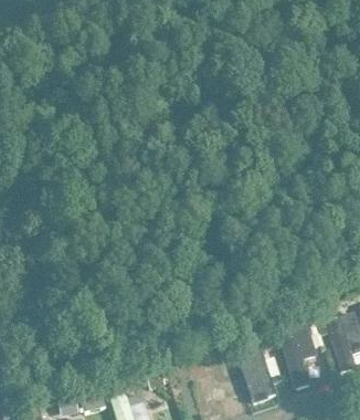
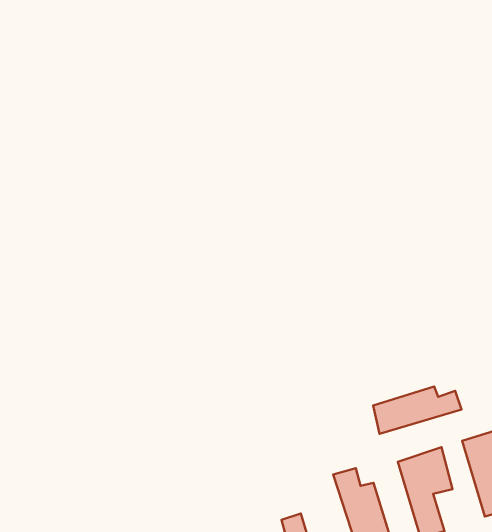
building: none -> [373,386,462,434]

